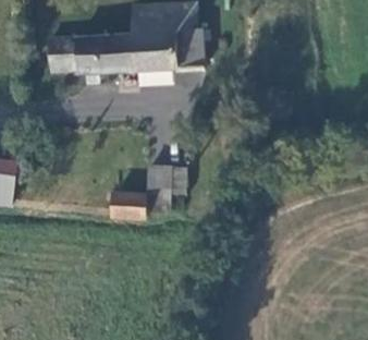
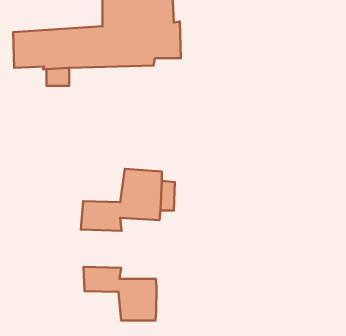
building: none -> [84,267,157,320]

